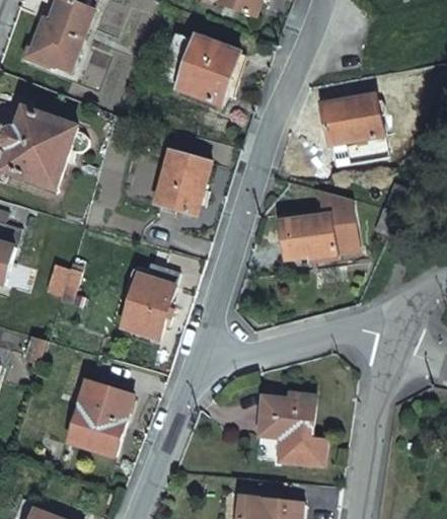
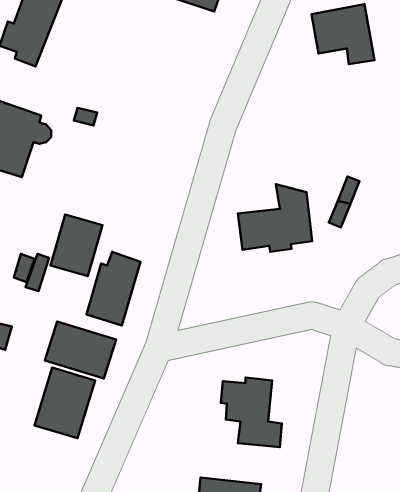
building: [175,38,239,104] -> none
building: [319,93,384,155] -> [312,4,374,64]
building: [156,150,210,214] -> [51,215,103,276]
building: none -> [45,321,116,378]

